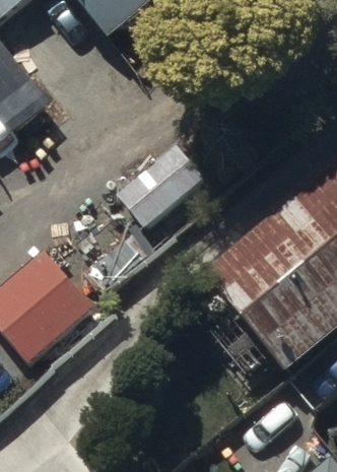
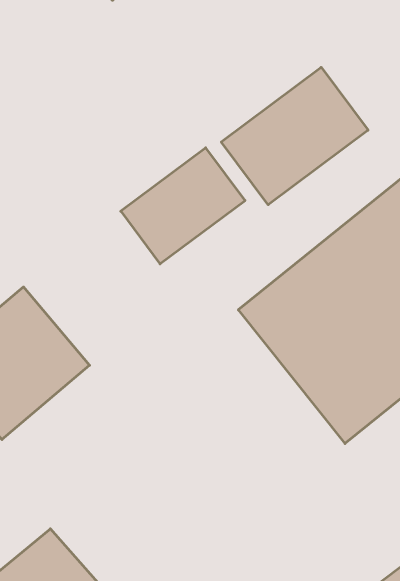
building: none -> [221,67,368,205]

